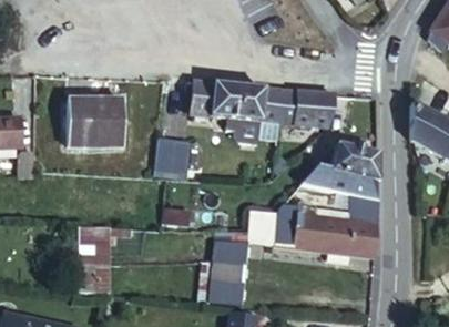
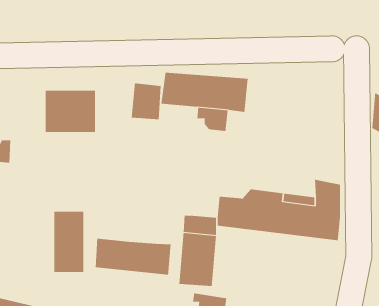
building: [278,86,335,125] -> none
building: [155,139,187,177] -> [131,83,162,120]
building: [303,142,379,197] -> none
building: none -> [95,238,171,276]

